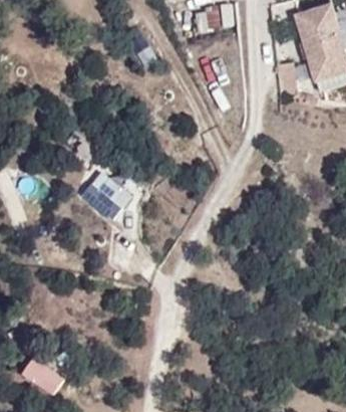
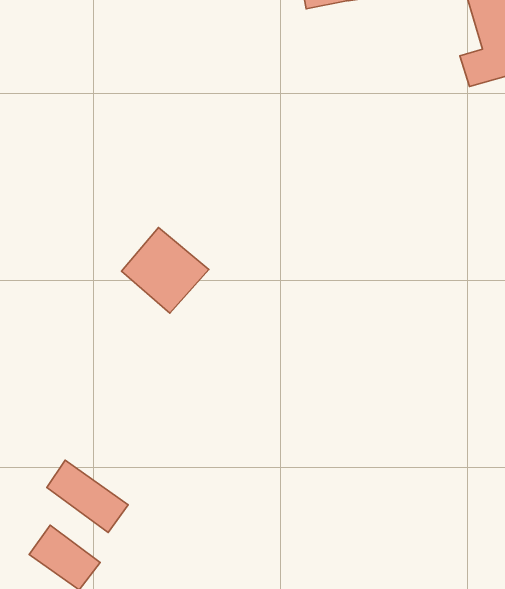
building: none -> [47,460,128,533]

